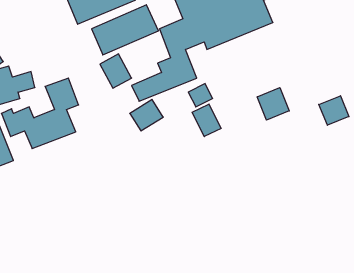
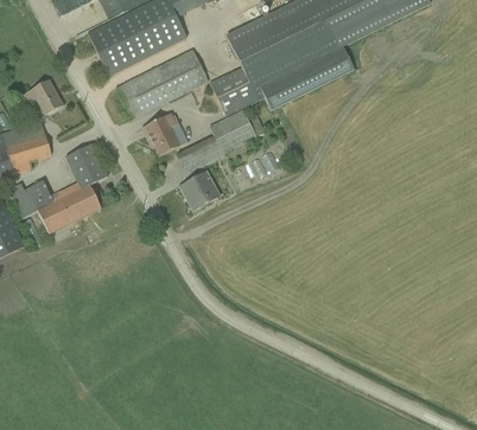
building: none -> [23,75,59,113]
building: [257,88,289,120] -> none
building: [319,96,349,125] -> none
building: [192,104,221,137] -> none

